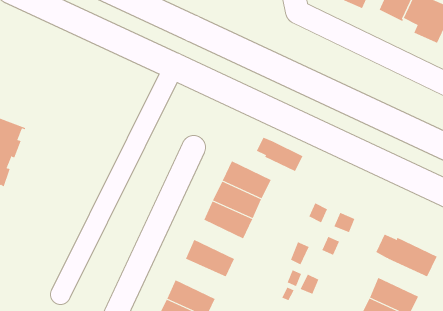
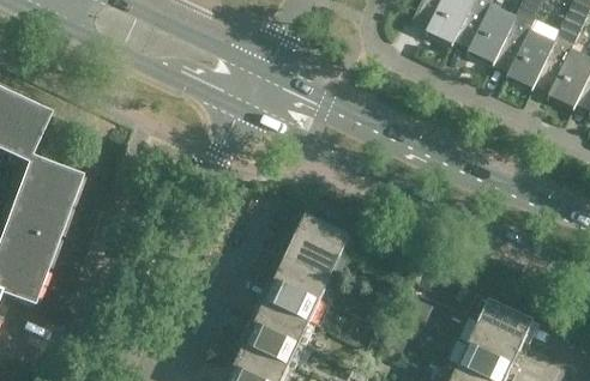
building: [256,137,303,172] -> none
building: none -> [264,278,319,321]
building: none -> [243,321,300,365]
building: none -> [468,321,523,363]

